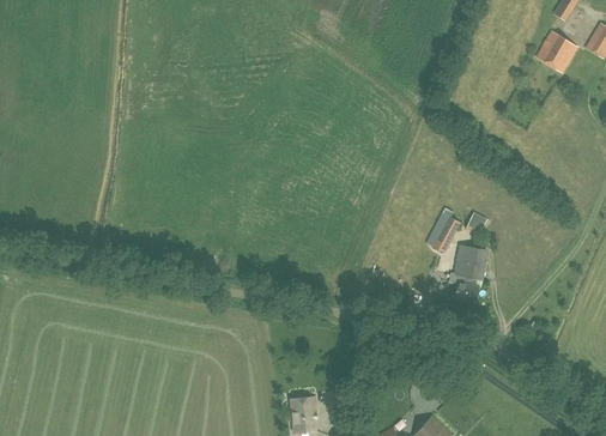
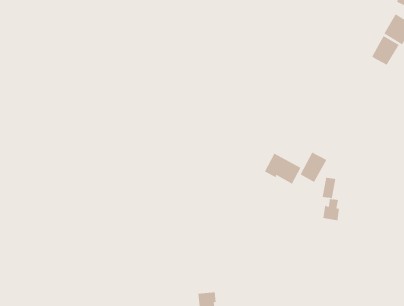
building: none -> [371,35,400,66]
building: none -> [264,153,301,184]

